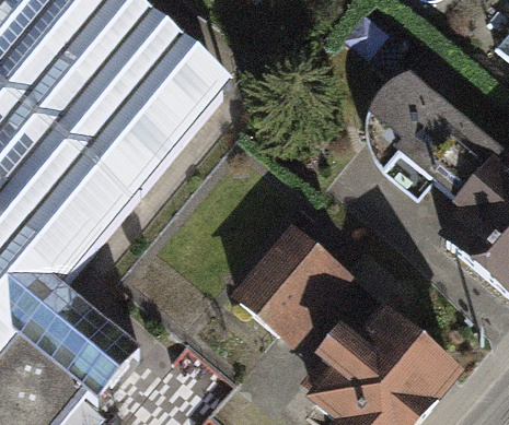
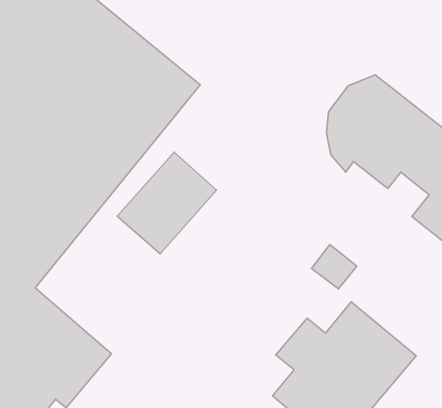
building: [241,231,342,333] -> [117,152,216,254]

